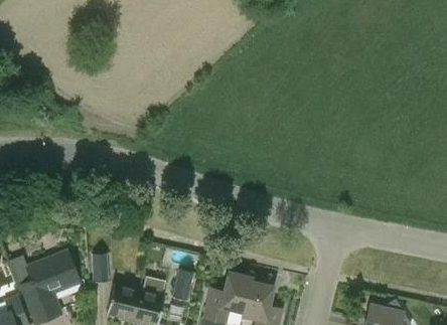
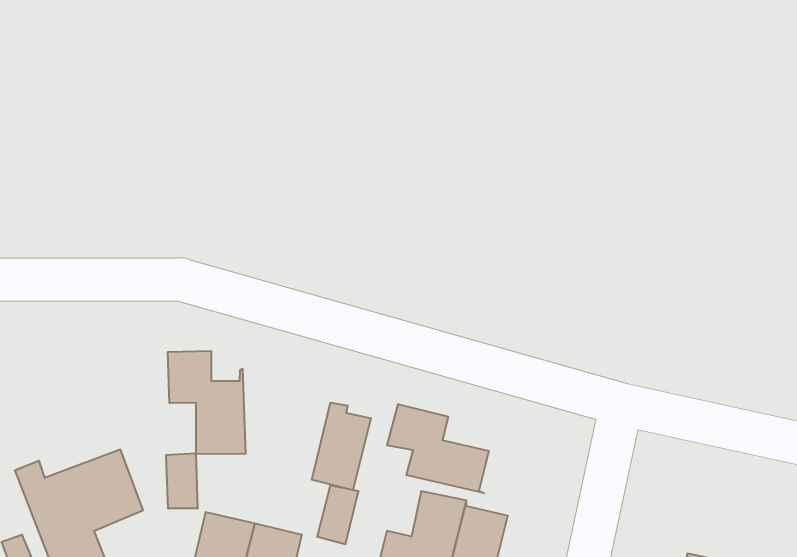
building: none -> [168,351,245,454]
building: none -> [312,403,371,490]
building: none -> [387,404,489,493]

